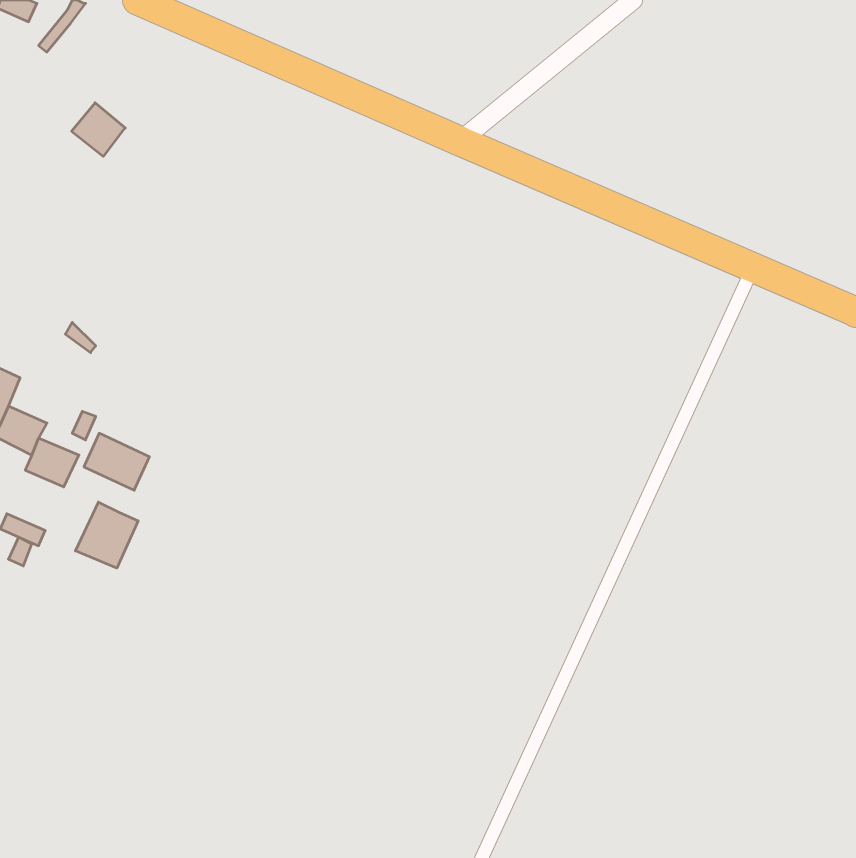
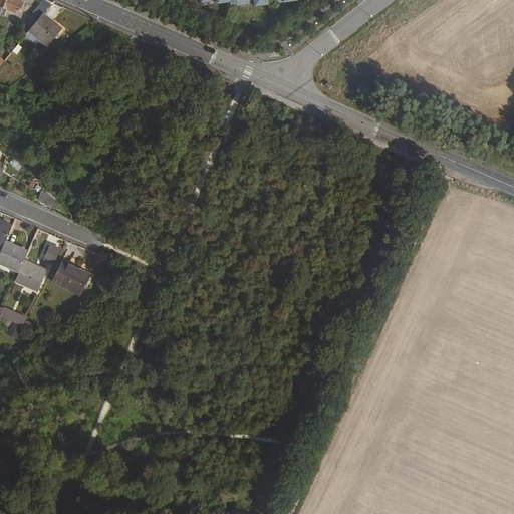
building: [72,103,125,156] -> [28,14,60,46]
building: [75,502,138,568] -> none

